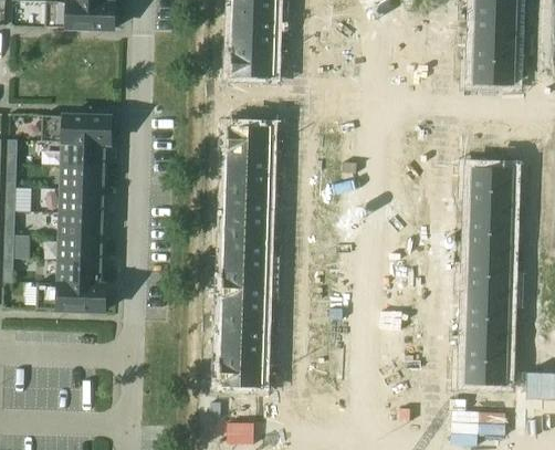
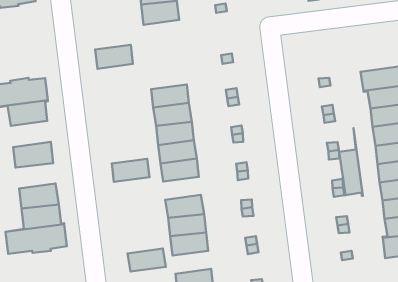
building: [228,128,270,151] -> [95,45,133,69]
building: [62,166,105,191] -> none
building: [61,213,104,239] -> none
building: none -> [339,128,363,196]
building: [223,257,265,279] -> [112,159,149,182]
building: [221,342,262,364] -> [127,249,166,272]

